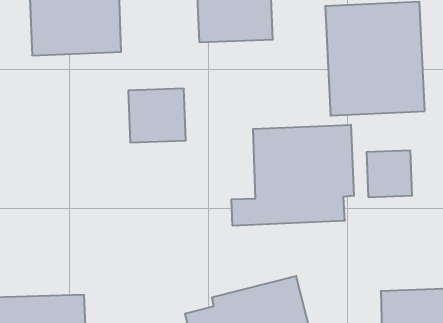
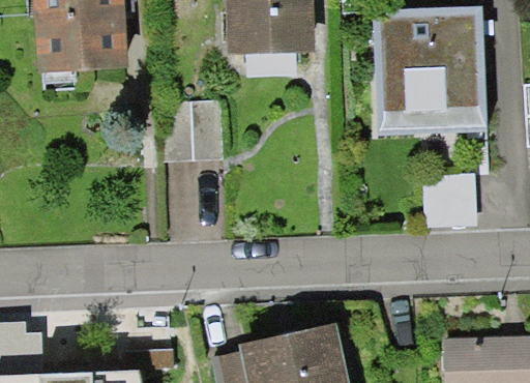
building: [232,125,354,226] -> none

